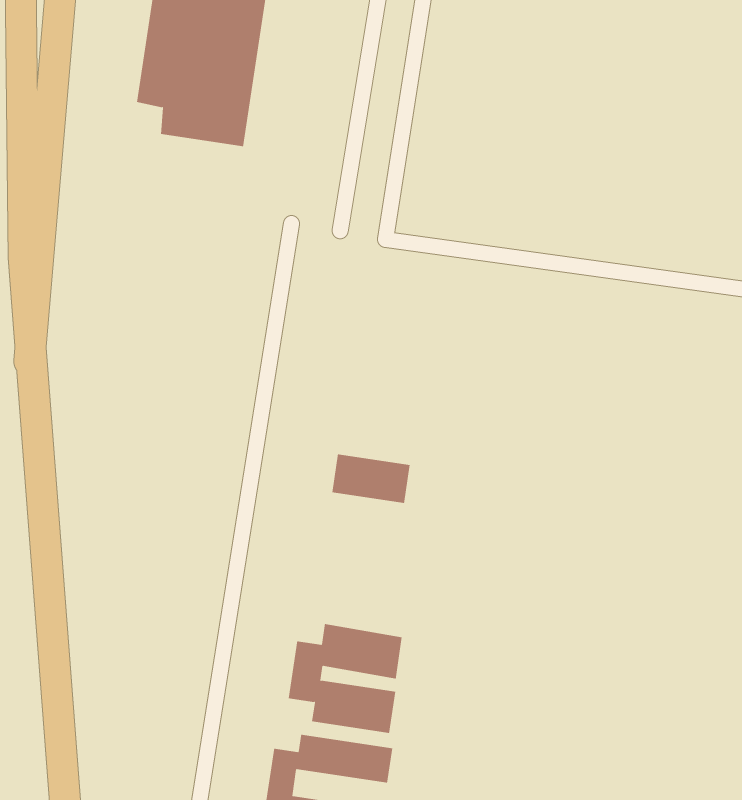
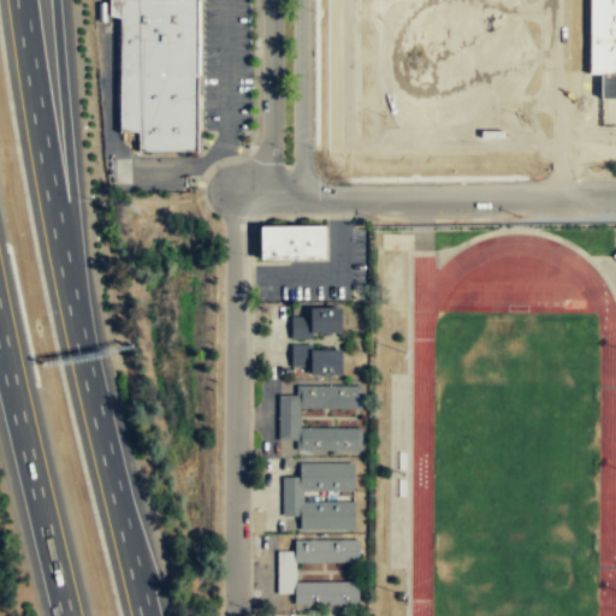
building: none -> [261,223,327,256]
building: none -> [291,307,340,336]
building: none -> [278,386,360,451]

